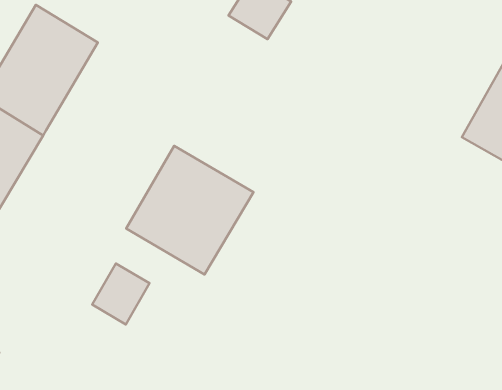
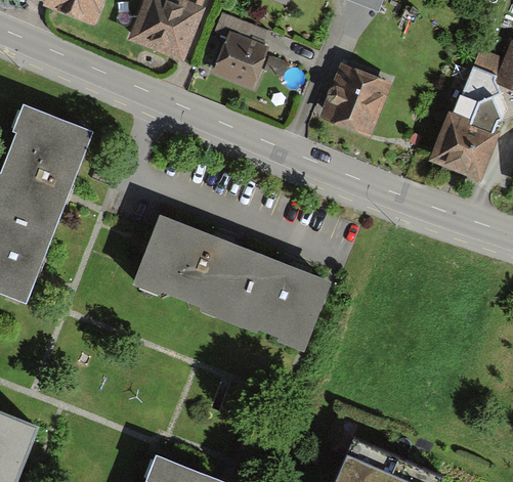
building: none -> [317,71,392,144]
building: none -> [217,236,330,350]
building: [92,263,150,324] -> none

